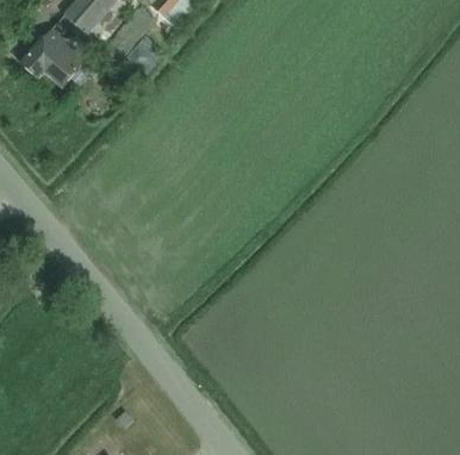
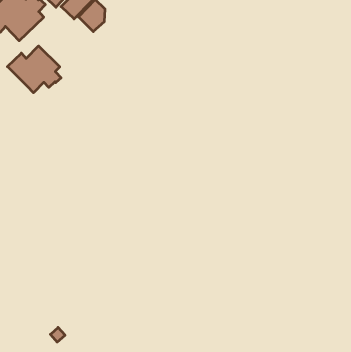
building: none -> [7,46,61,93]

